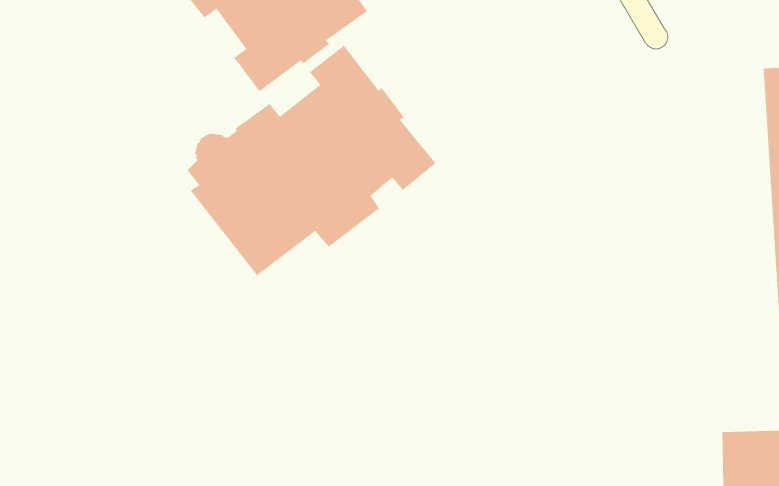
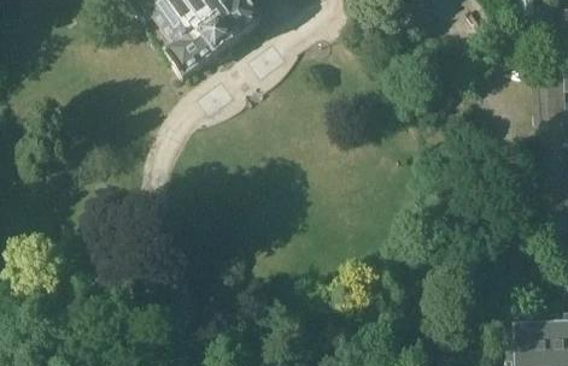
building: [187,45,436,276] -> none

